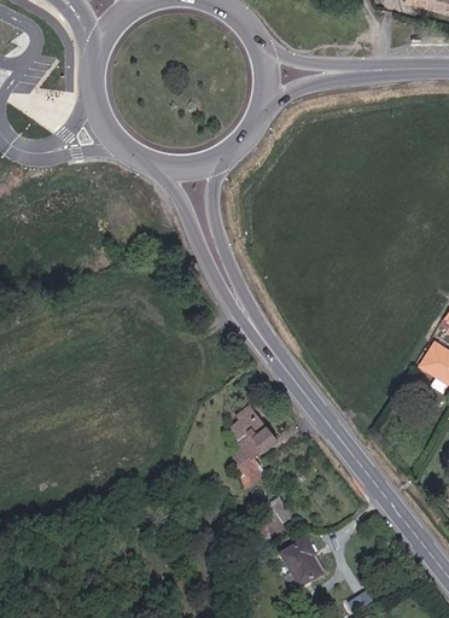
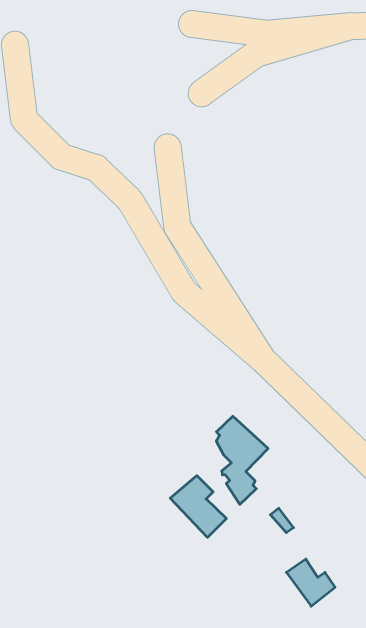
building: none -> [170,476,226,537]

